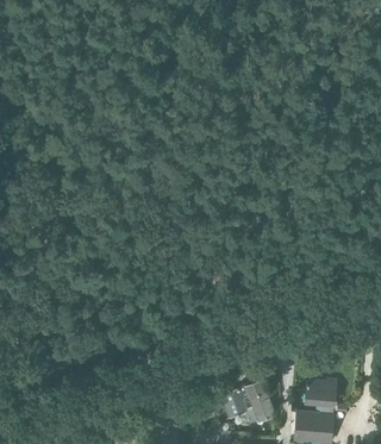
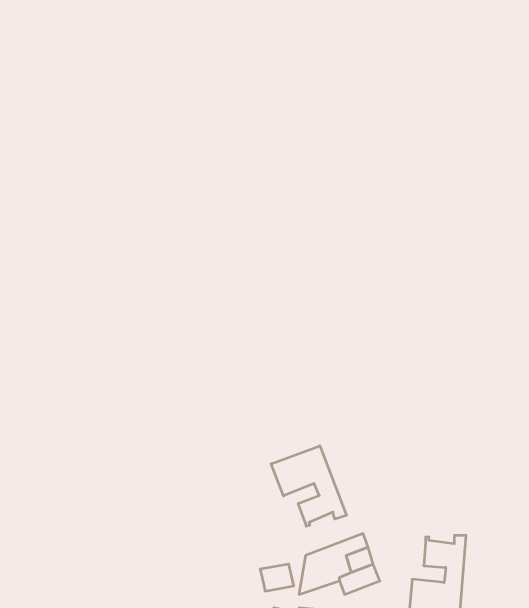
building: none -> [271,446,346,526]

